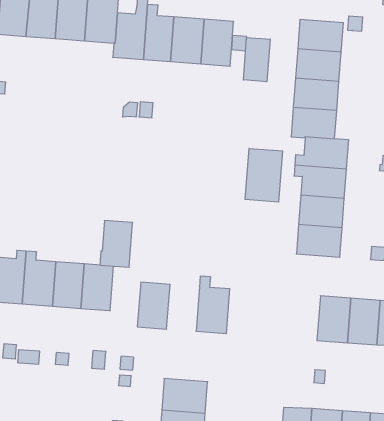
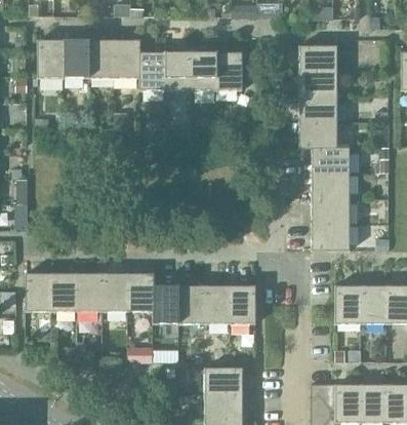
building: [243,37,270,82] -> none
building: [245,148,283,202] -> none
building: [100,221,133,267] -> [153,285,178,324]
building: none -> [204,285,230,324]

